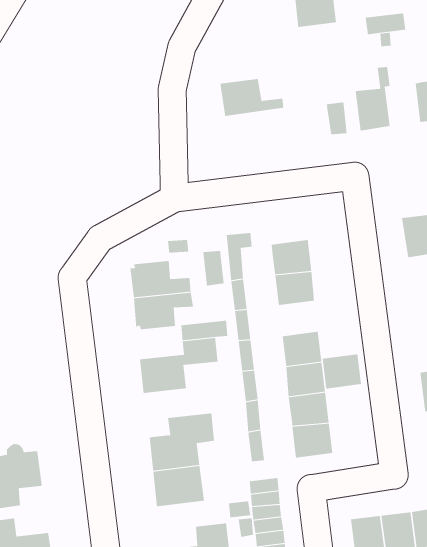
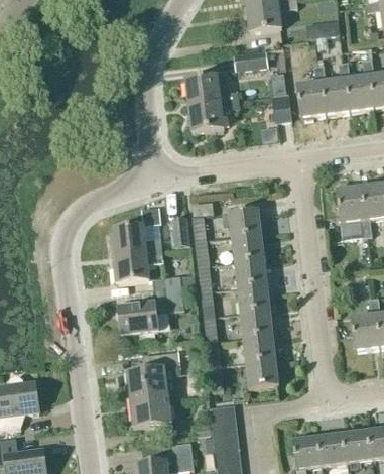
building: none -> [233,49,267,70]
building: none -> [322,61,350,113]
building: none -> [188,98,240,131]
building: [322,354,362,389] -> [233,257,266,286]

